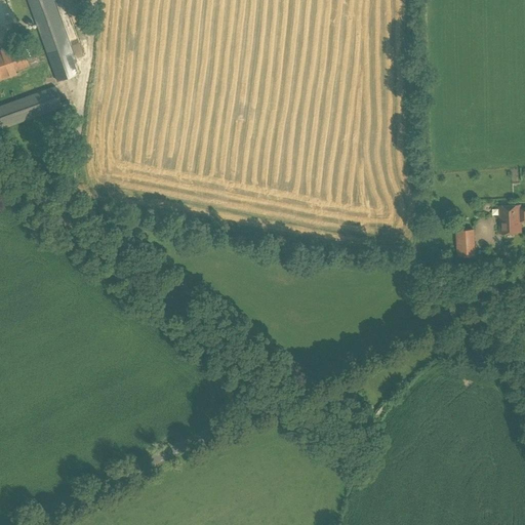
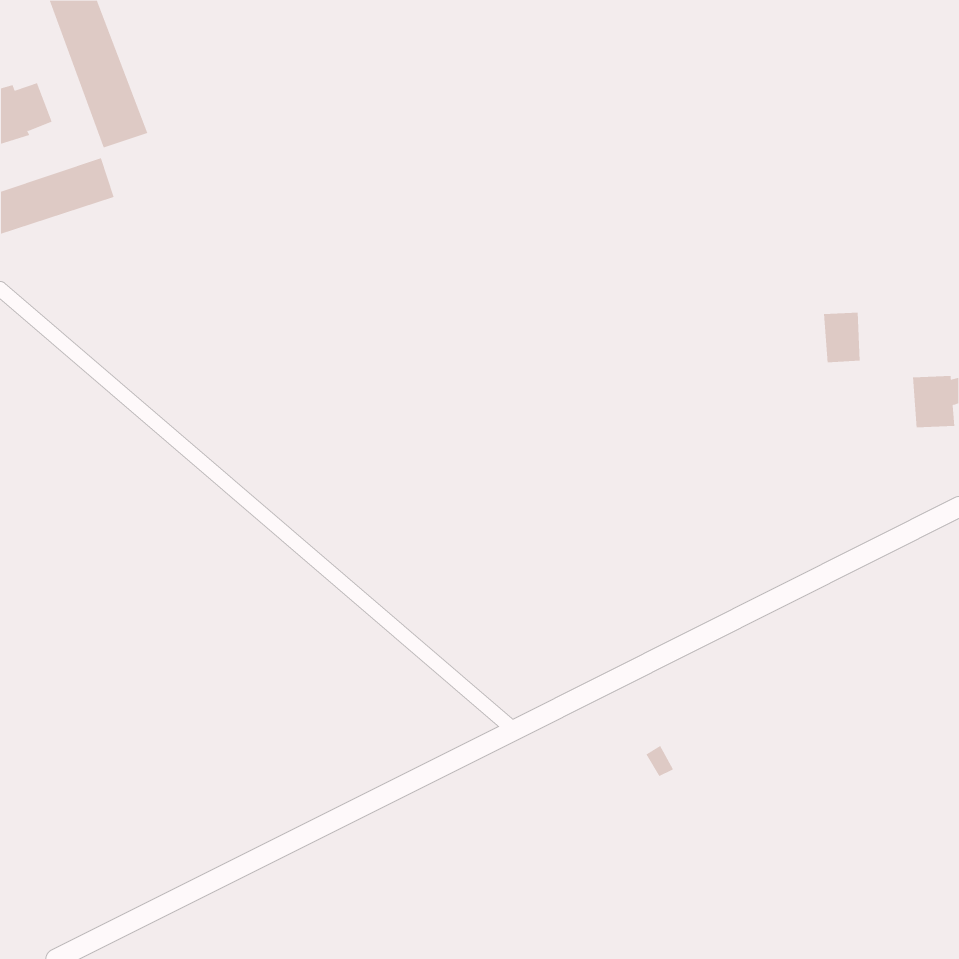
building: [455,229,476,256] -> [823,312,861,363]

